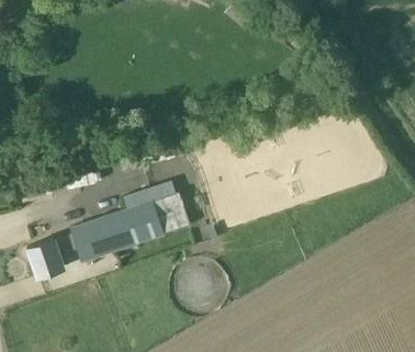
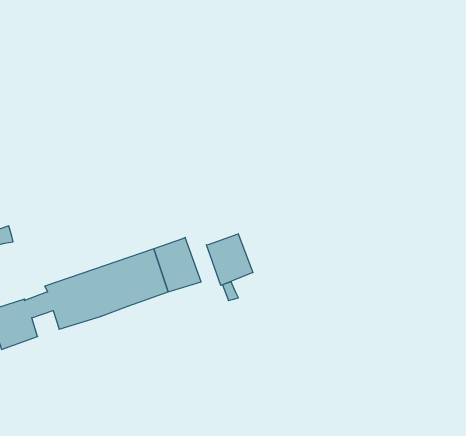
building: none -> [206,234,253,285]

